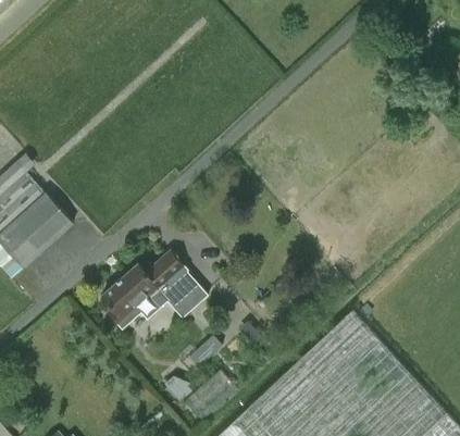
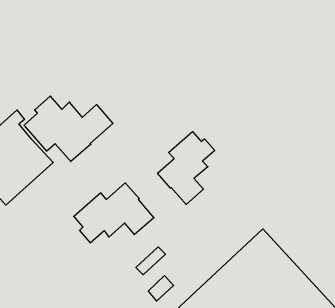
building: none -> [24,96,113,162]
building: none -> [158,132,215,204]

